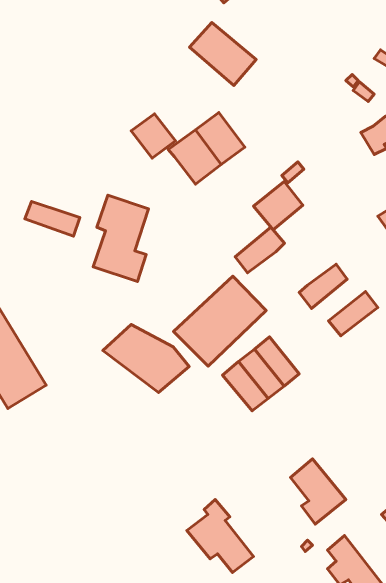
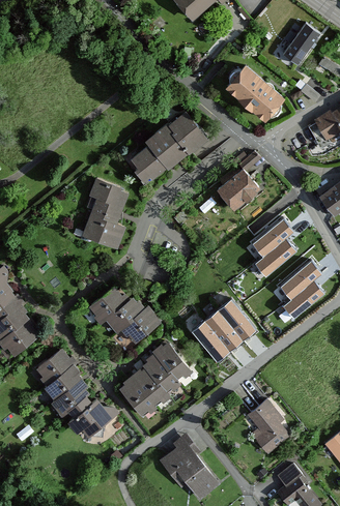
building: none -> [281,23,318,64]
building: [190,23,256,85] -> [225,66,281,119]
building: [131,114,176,158] -> [130,147,167,184]
building: [25,201,80,236] -> none
building: [235,227,284,273] -> [251,216,292,255]
building: [174,276,266,366] -> [117,343,195,418]
building: none -> [281,279,322,317]
building: none -> [35,347,118,441]

